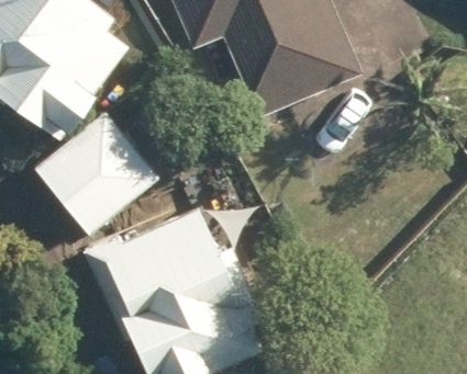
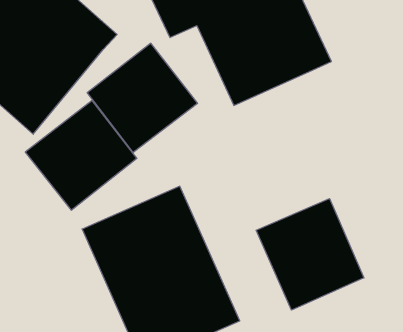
building: none -> [87,43,197,153]
building: none -> [256,199,364,310]

